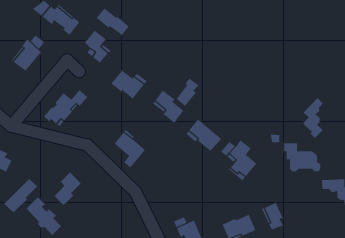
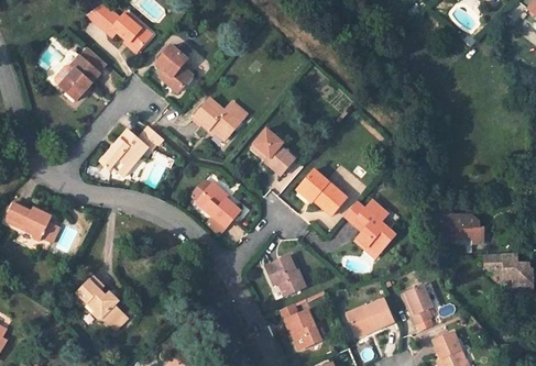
building: [96,7,130,36] -> none
building: [176,78,199,107] -> none
building: [302,97,323,139] -> none
building: [54,172,82,206] -> none
building: [4,178,38,213] -> none
building: none -> [264,255,305,295]

